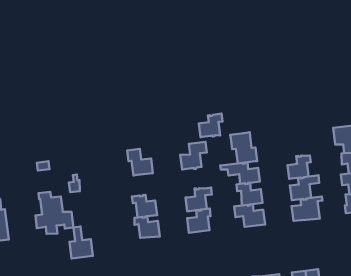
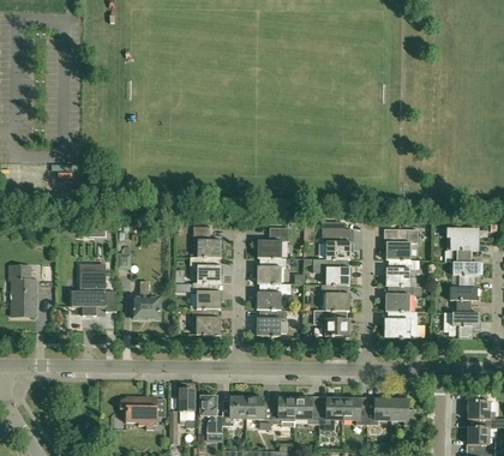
building: [199,114,222,137] -> [257,257,286,283]
building: none -> [385,228,418,259]
building: none -> [190,256,221,283]
building: [69,227,93,258] -> [133,281,160,318]

